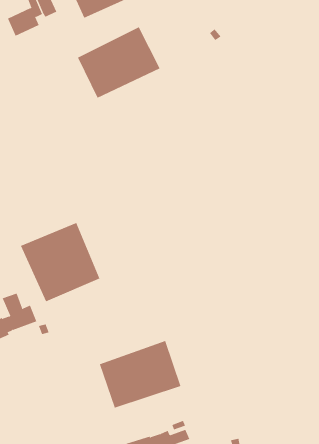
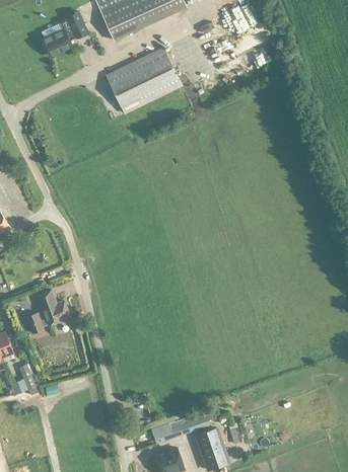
building: [20,222,100,302] -> none
building: [99,340,181,409] -> none

